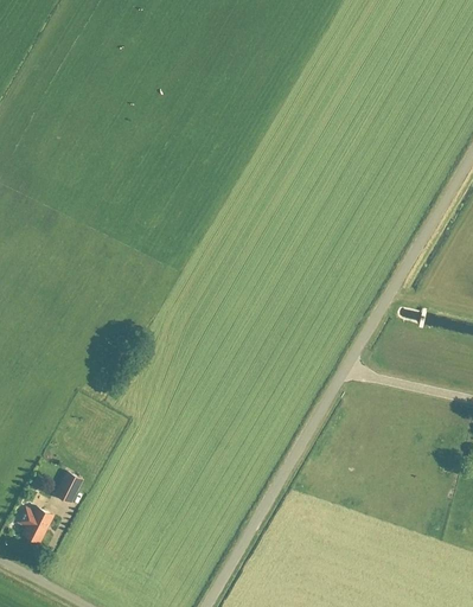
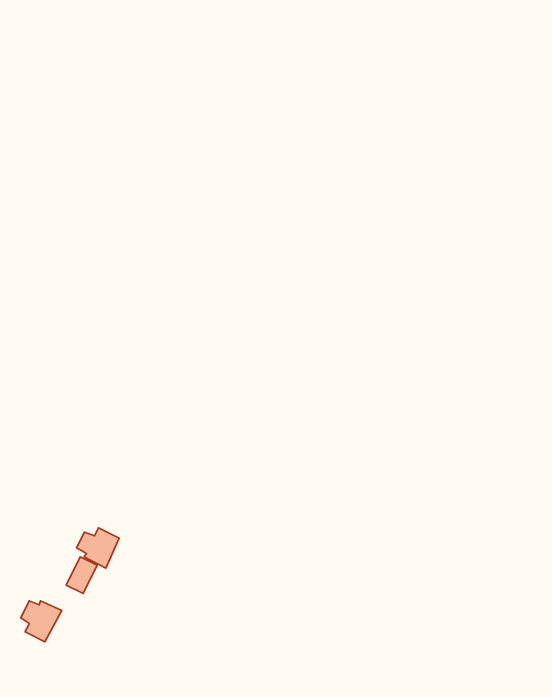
building: none -> [77,528,119,568]

